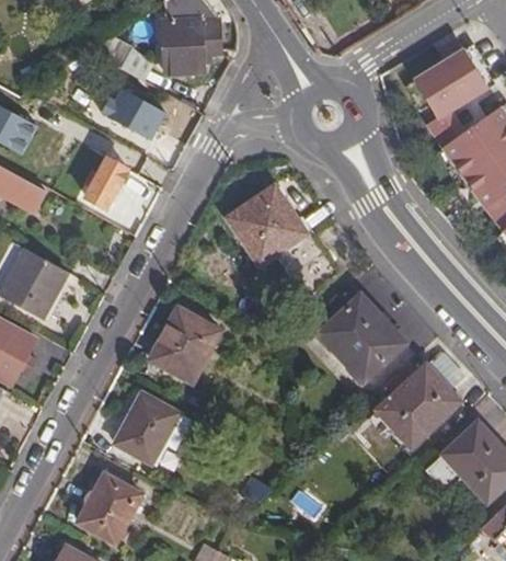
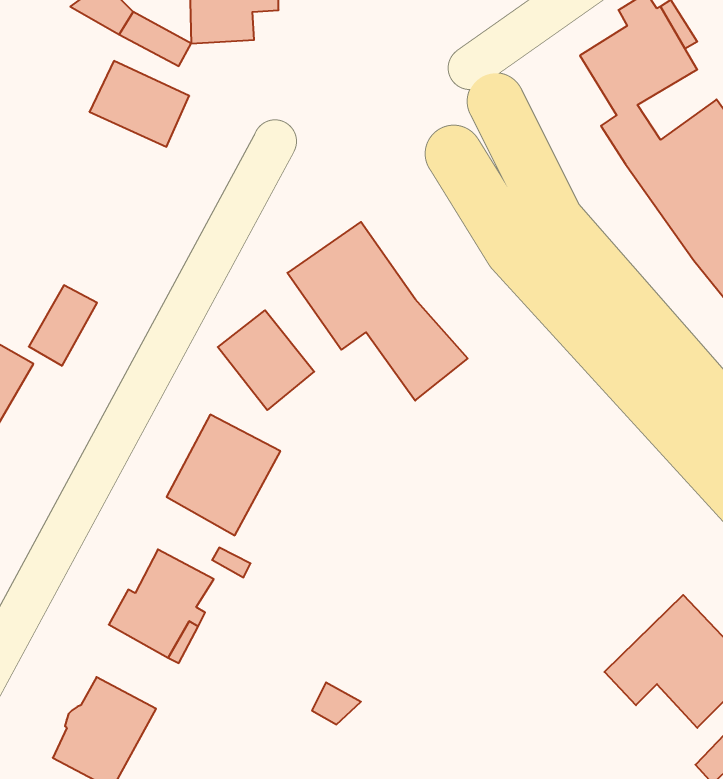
building: [87,160,129,210] -> [29,285,97,366]
building: none -> [218,310,314,410]
building: [319,291,404,379] -> none
building: [373,355,459,445] -> none

